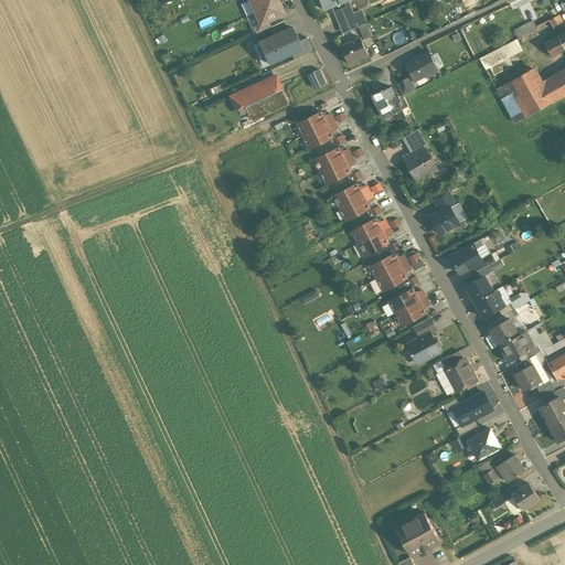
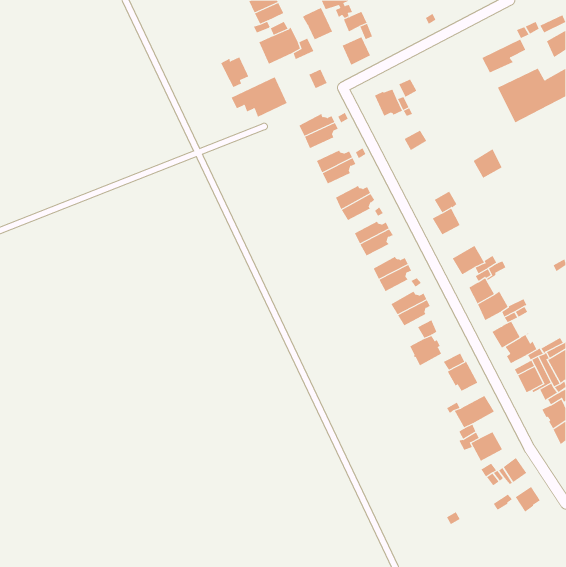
building: none -> [302,7,333,40]
building: [405,52,436,81] -> none
building: none -> [221,54,250,88]
building: [405,149,435,179] -> [473,149,503,179]
building: [395,513,439,556] -> none

